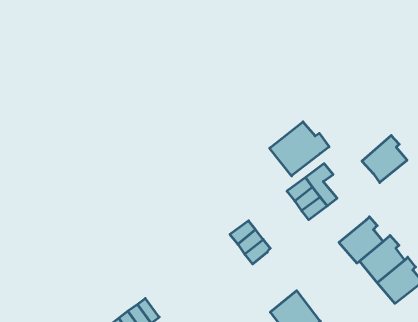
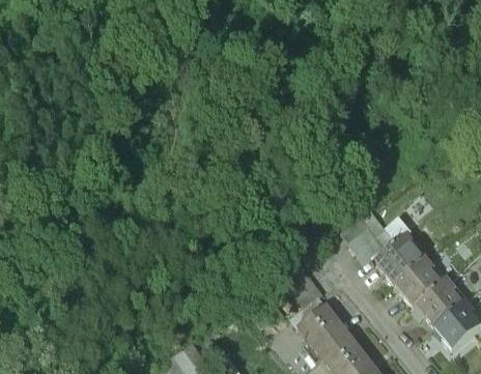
building: [270,122,329,176] -> none
building: [362,135,407,183] -> [377,236,425,286]
building: none -> [299,306,351,359]

